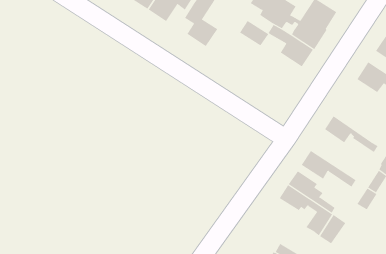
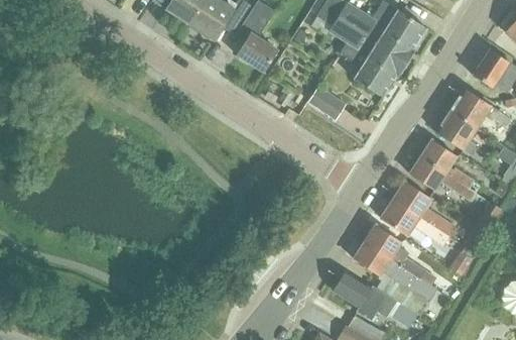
building: [239,20,269,46] -> [307,86,345,118]
building: none -> [435,111,476,154]
building: none -> [420,140,482,195]
building: none -> [392,182,455,237]
building: none -> [333,272,395,320]

